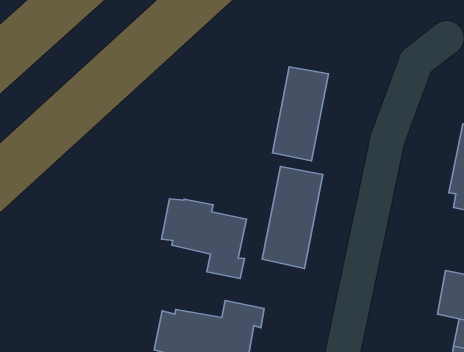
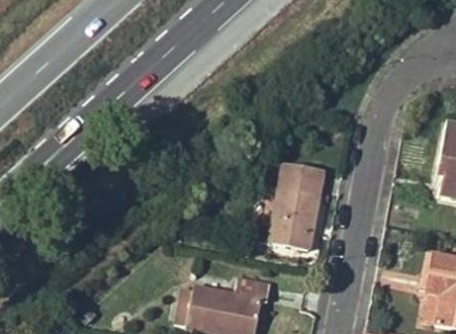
building: [272,67,329,161] -> none
building: [162,199,247,278] -> none

